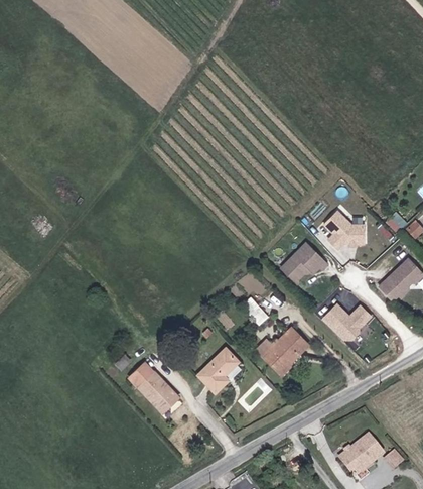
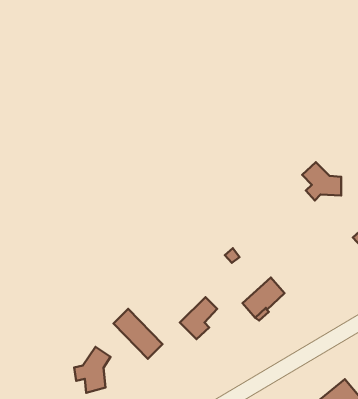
building: [280,242,327,281] -> none
building: [323,303,372,339] -> none
building: none -> [74,347,111,393]

